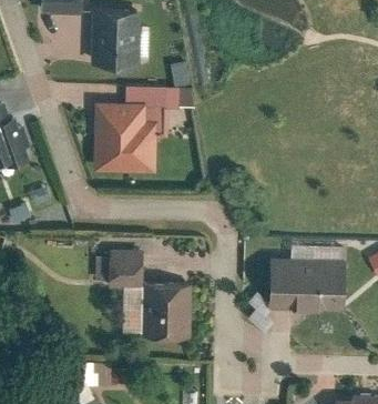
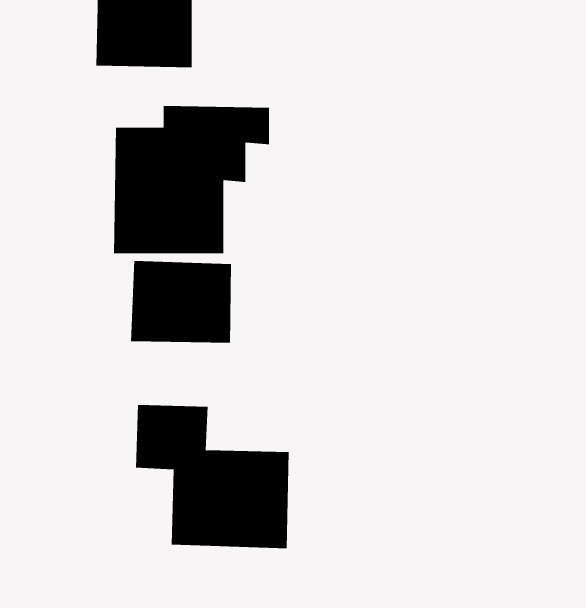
building: none -> [131,260,231,343]
building: [268,249,348,315] -> none

